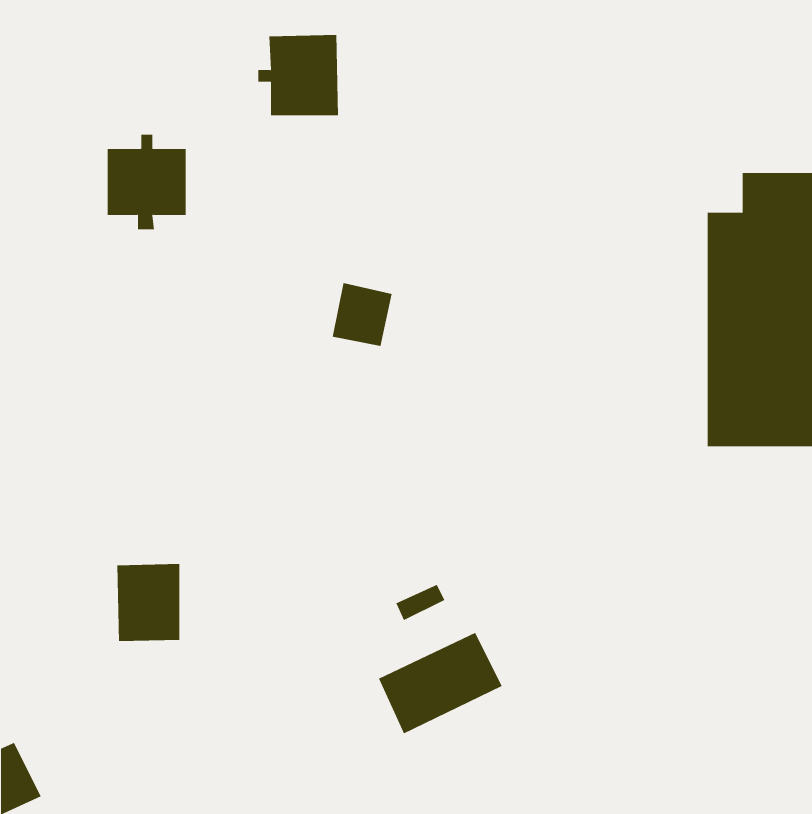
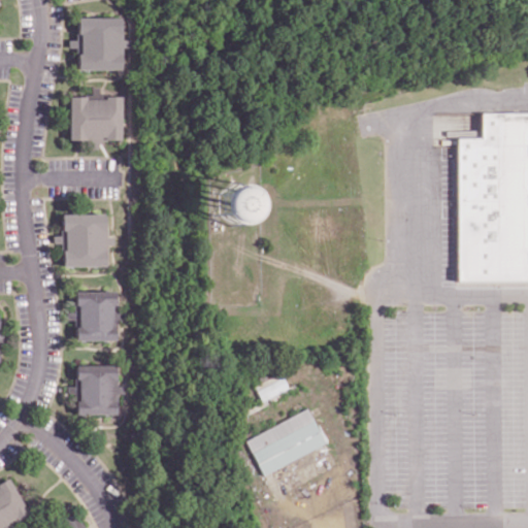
building: [257,34,339,116] -> [71,18,124,70]
building: none -> [55,214,116,266]
building: none -> [77,291,119,341]

